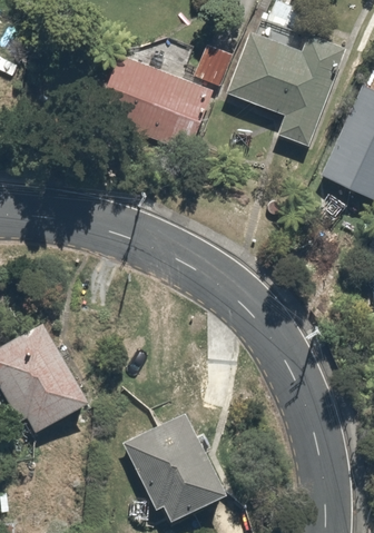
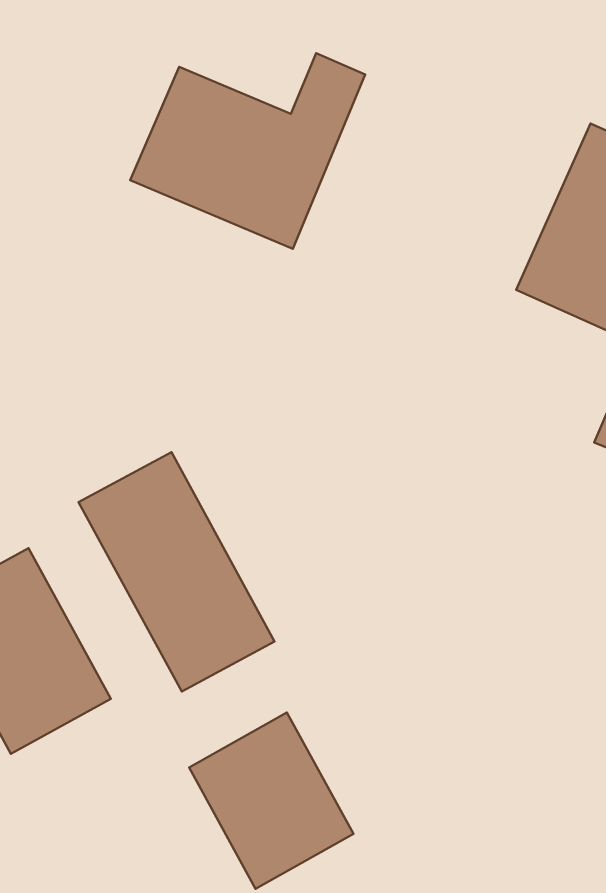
building: [227,28,344,146] -> none
building: none -> [79,452,275,691]

